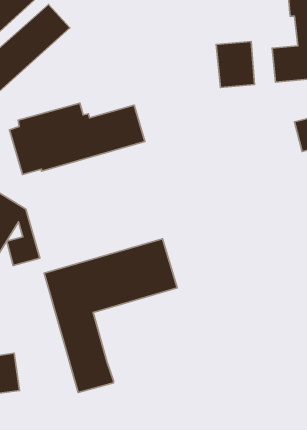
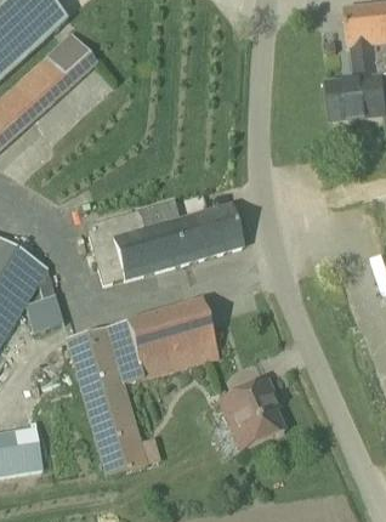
building: [216,41,255,88] -> none
building: [10,103,145,174] -> [90,200,244,282]
building: none -> [221,376,285,444]

